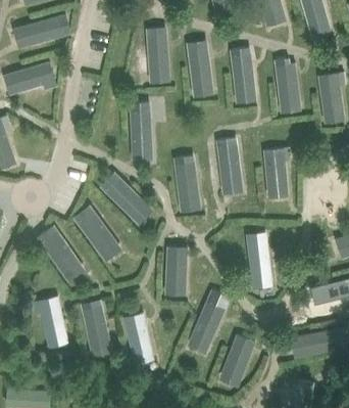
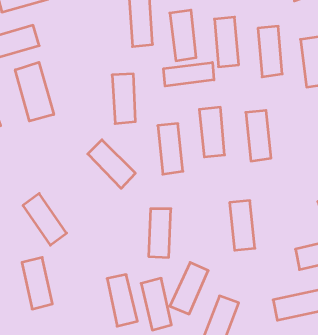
building: none -> [15,62,54,121]
building: none -> [164,62,214,86]
building: [77,211,121,262] -> none
building: [81,305,111,357] -> [141,278,171,330]

